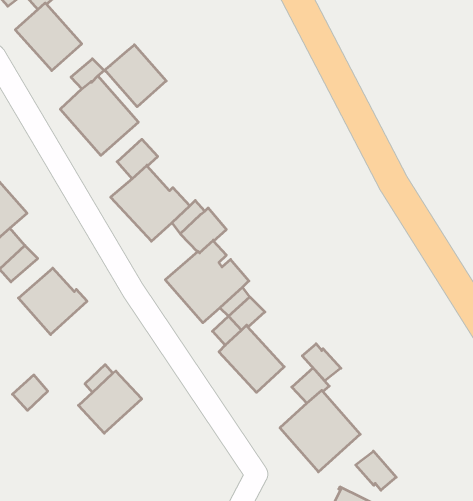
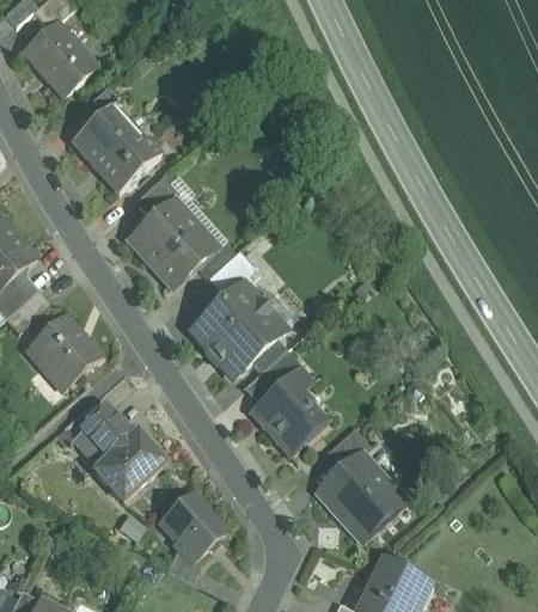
building: [104,45,166,107] -> none
building: [302,344,341,381] -> none
building: [12,375,48,410] -> [82,405,122,445]
building: none -> [159,492,224,561]
building: [356,451,396,490] -> none

